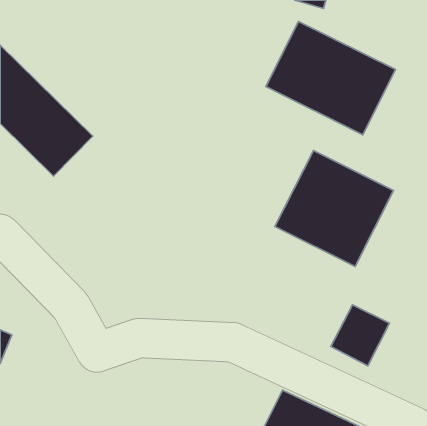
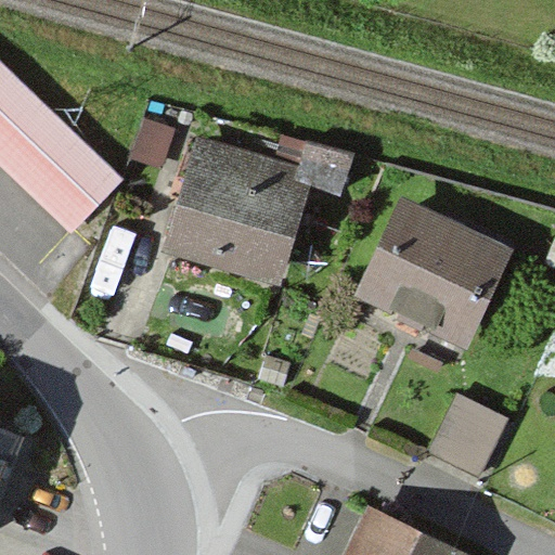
building: [266,21,396,135] -> none
building: none -> [168,140,309,282]

